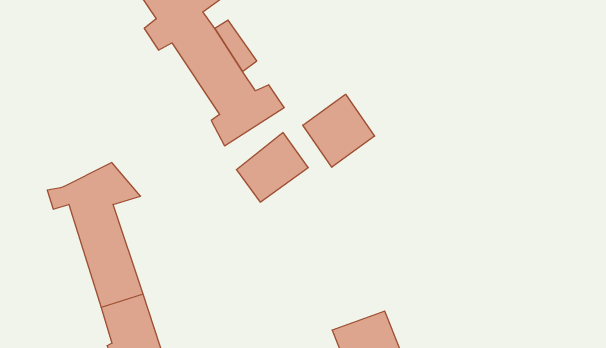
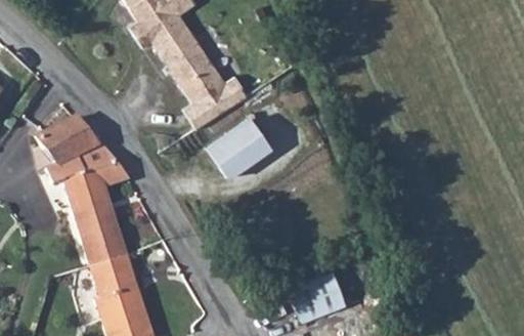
building: [303,94,375,167] -> none
building: none -> [37,120,96,166]

